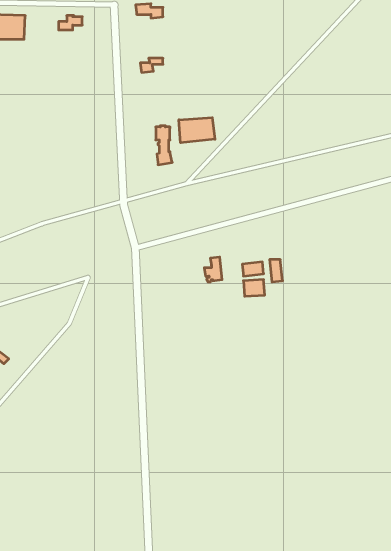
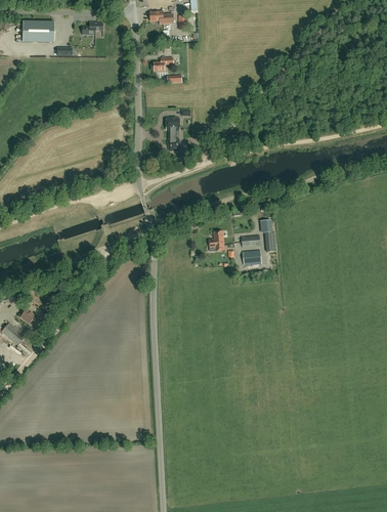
building: [179,118,215,143] -> none

